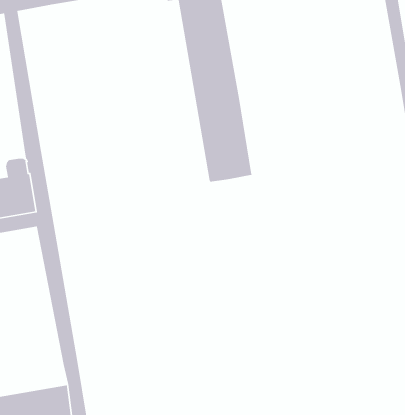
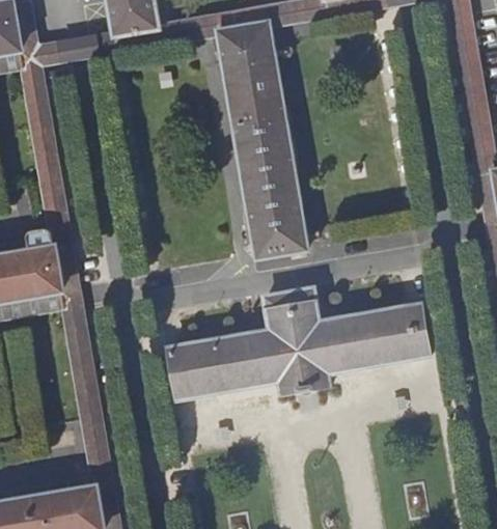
building: none -> [168,286,429,396]

